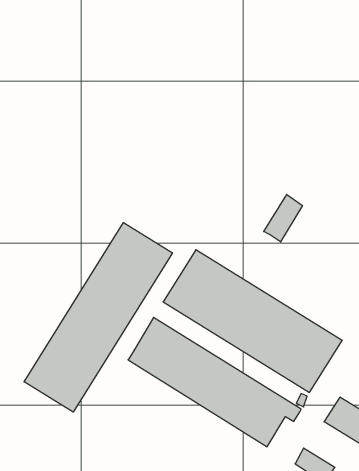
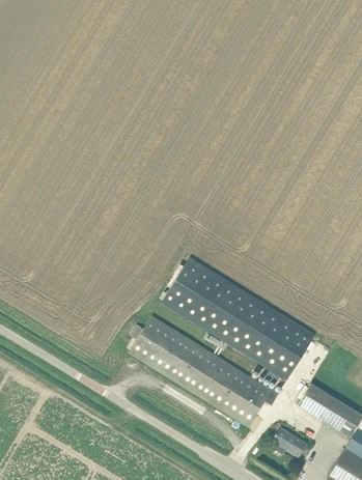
building: [264,194,302,242] -> none
building: [24,223,172,412] -> none

